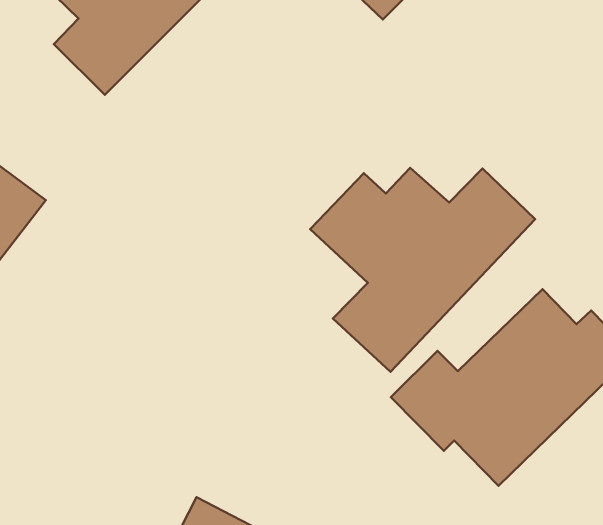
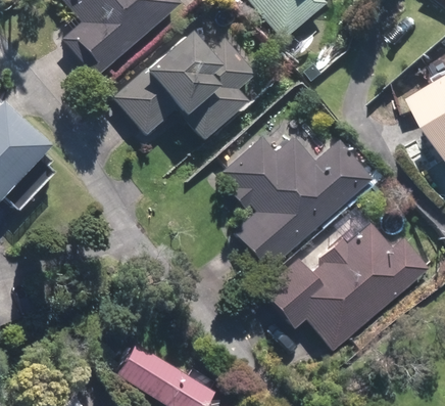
building: none -> [115,30,254,139]

